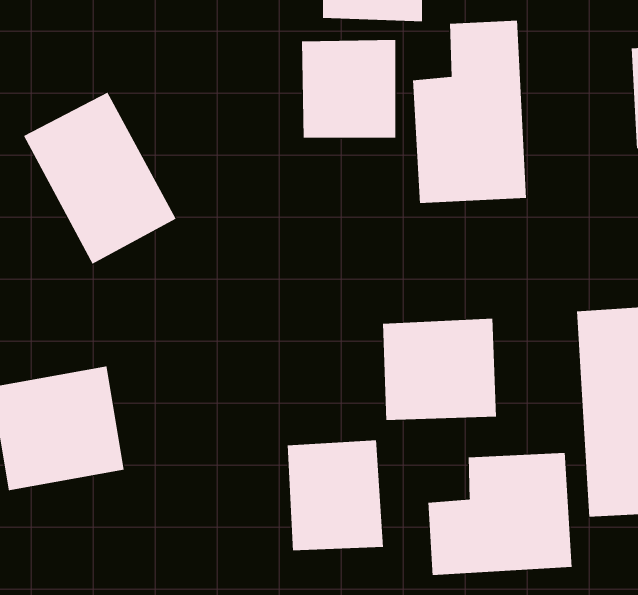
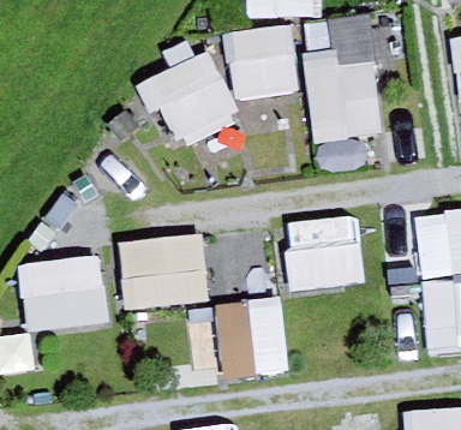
building: [23,92,177,265] -> [144,48,249,166]
building: none -> [118,232,203,307]
building: [428,452,572,576] -> none

